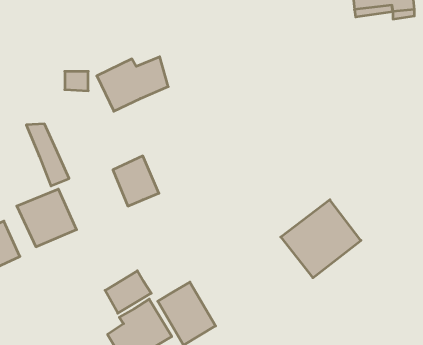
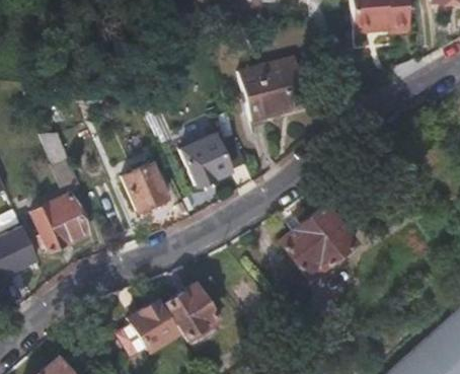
building: none -> [240,57,308,121]
building: [97,57,168,111] -> [183,133,251,184]
building: [105,271,151,313] -> none

